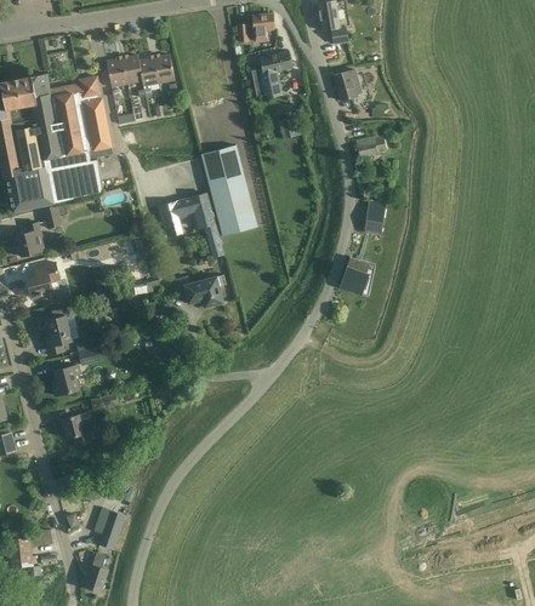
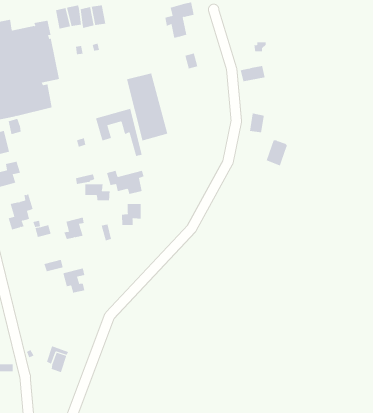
building: [334,69,363,101] -> none
building: [340,258,369,293] -> [266,140,288,166]
building: none -> [85,183,110,201]
building: none -> [121,203,141,226]
building: [52,365,80,395] -> [64,217,84,240]
building: [62,412,92,446] -> [62,268,85,293]
building: [85,553,109,593] -> none

